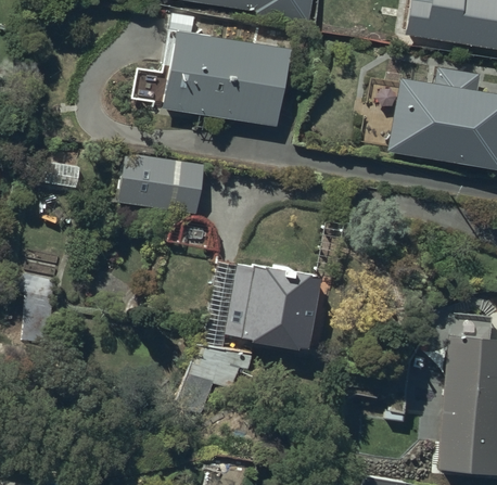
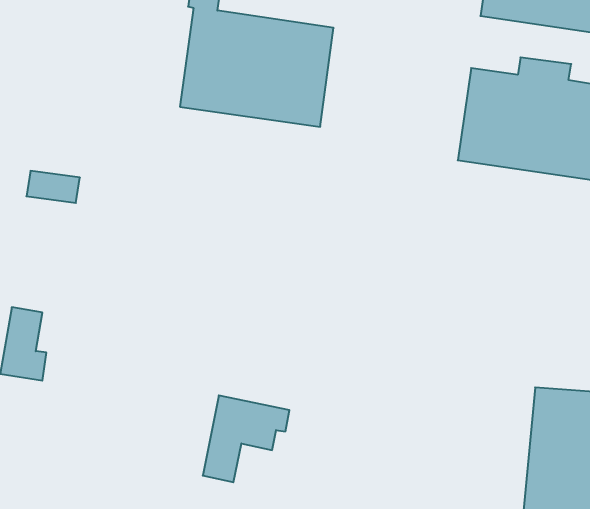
building: [117,152,205,214] -> none
building: [225,264,320,348] -> none

